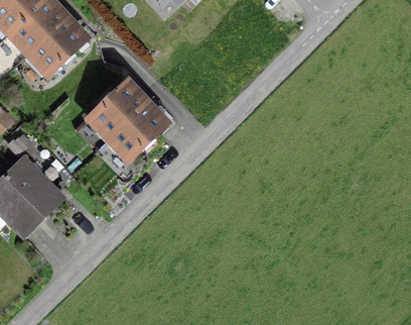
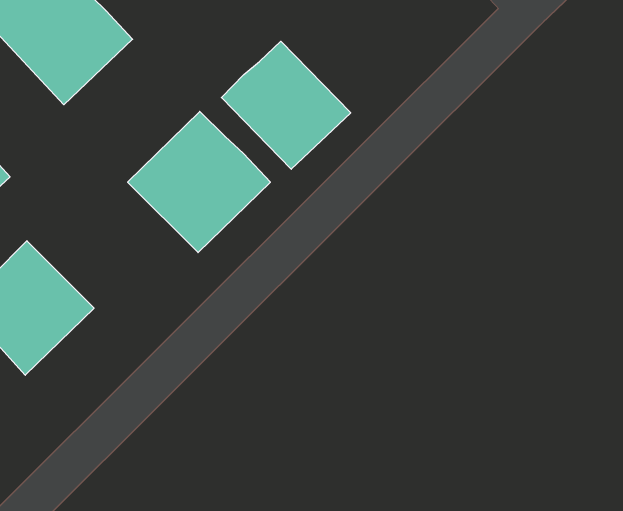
building: none -> [221,41,351,169]

